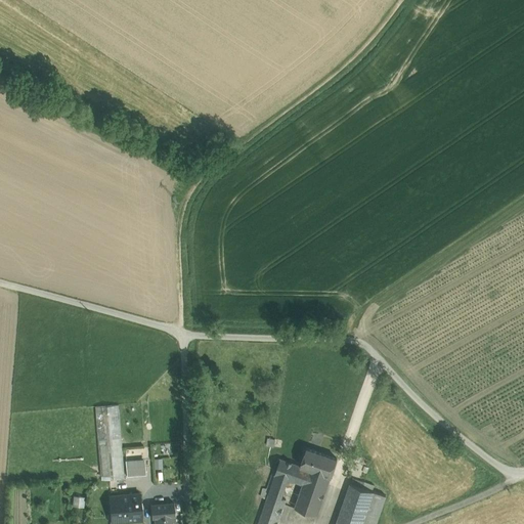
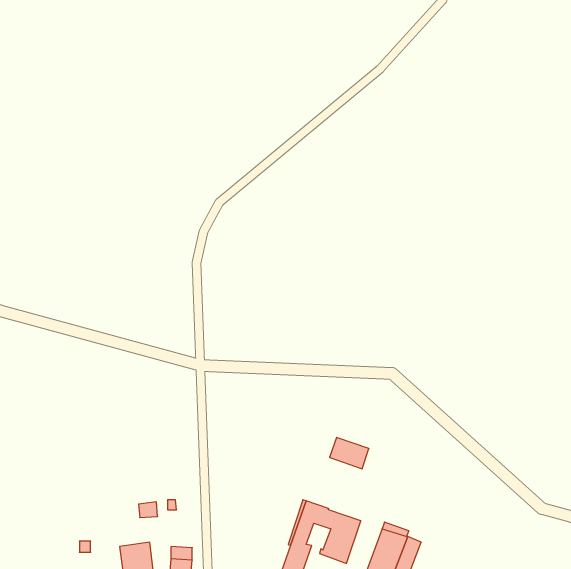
building: [95,407,124,482] -> none
building: [301,450,337,479] -> [330,437,369,469]

